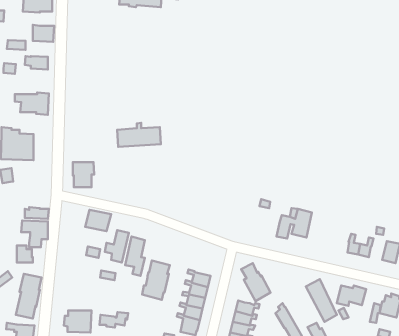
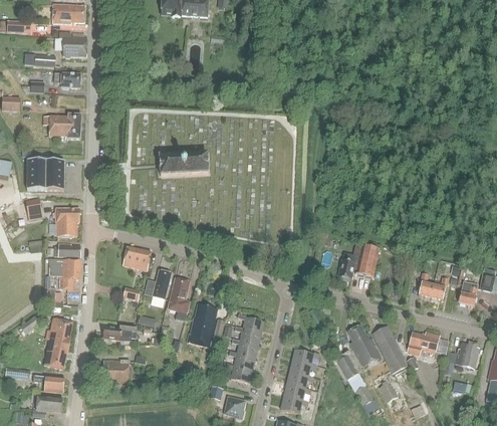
building: [73,162,94,187] -> [55,208,79,236]
building: [241,263,271,301] -> [346,324,380,367]
building: [100,312,128,327] -> [102,324,135,341]

